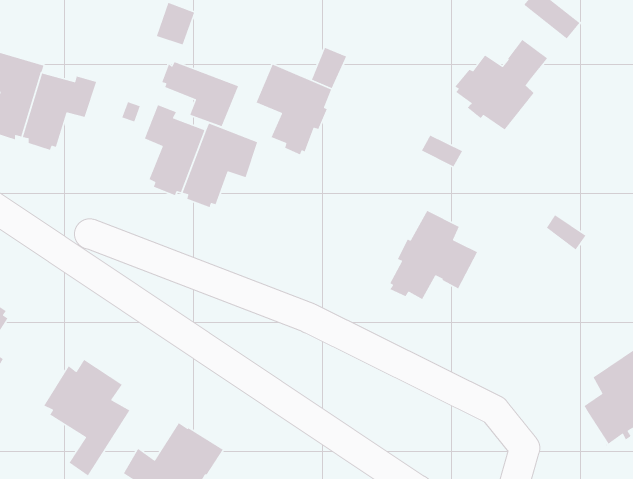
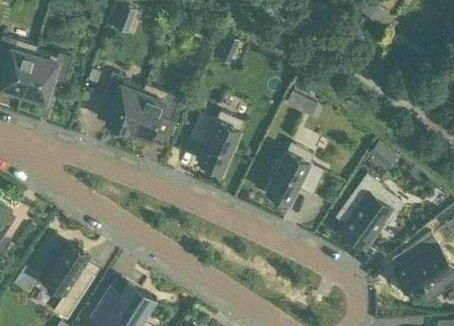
building: [454,39,548,131] -> none
building: [161,61,239,127] -> none
building: [255,64,332,156] -> [188,114,239,175]
building: none -> [335,175,400,249]

